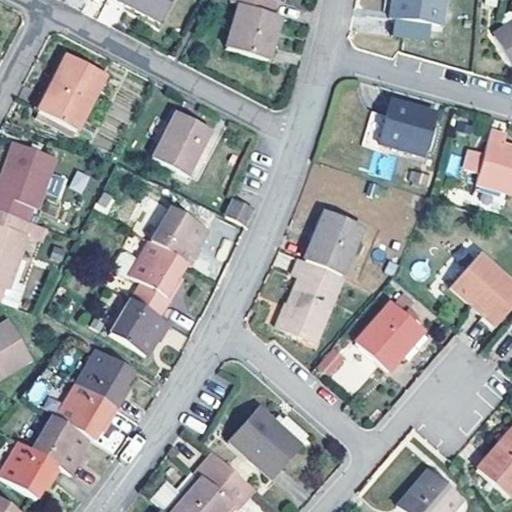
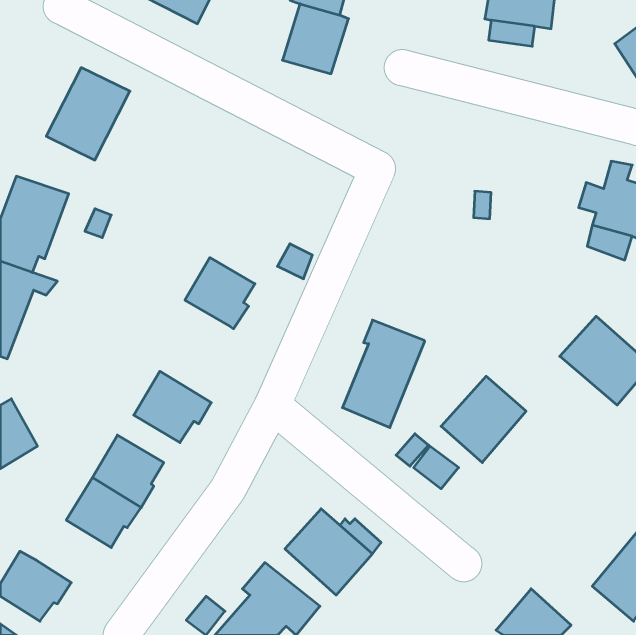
building: [364,99,436,153] -> none
building: [152,109,213,175] -> none
building: [305,209,360,272] -> none
building: [129,240,186,314] -> none
building: [31,414,91,474] -> none

